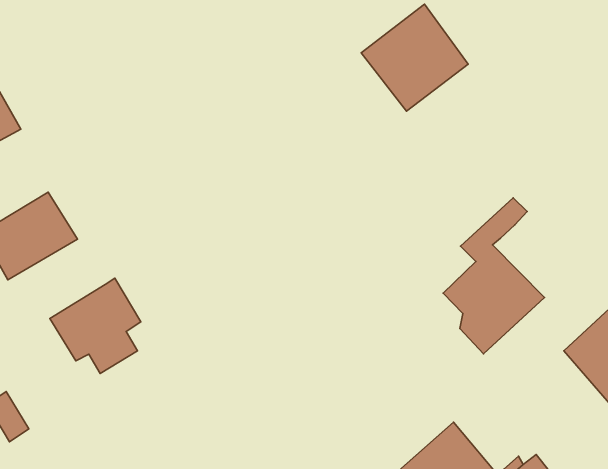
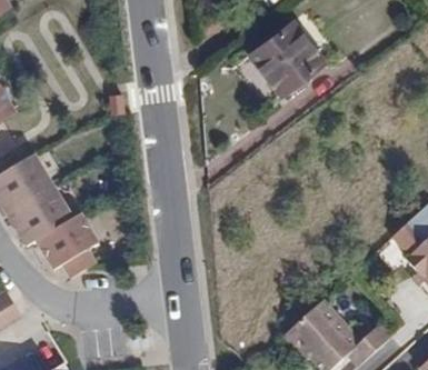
building: [443,198,544,354] -> none
building: none -> [7,182,73,242]

